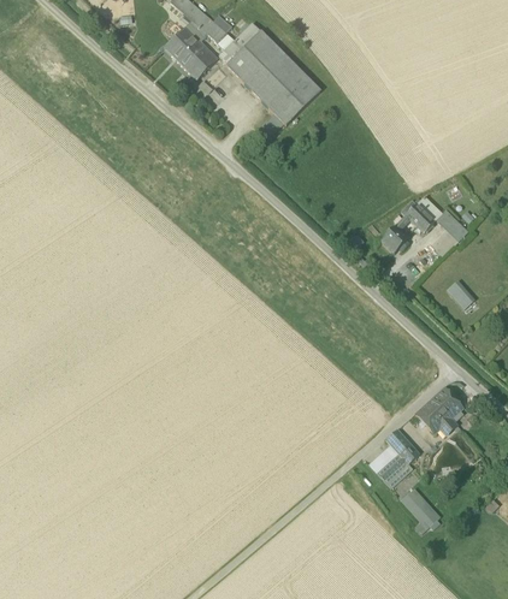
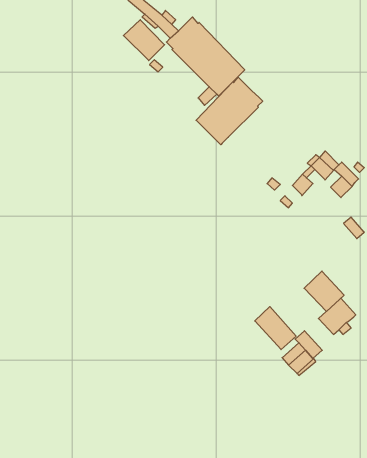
building: none -> [196,77,263,145]
building: none -> [304,271,344,311]
building: none -> [255,307,296,350]
building: [403,487,439,534] -> none

